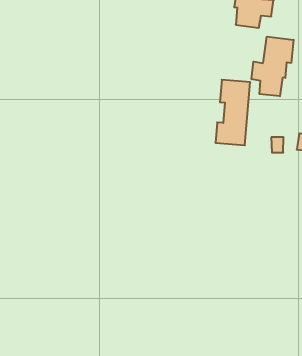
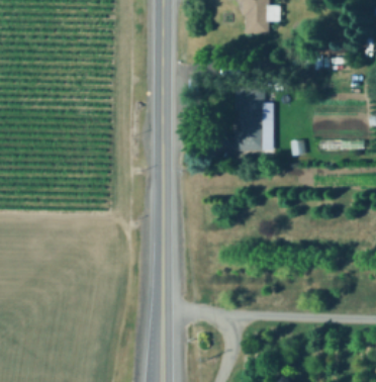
building: [252,37,294,96] -> none

